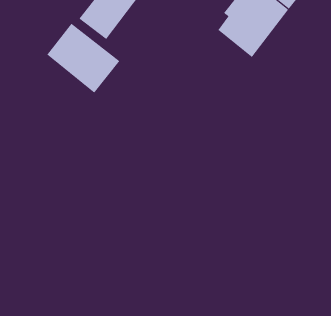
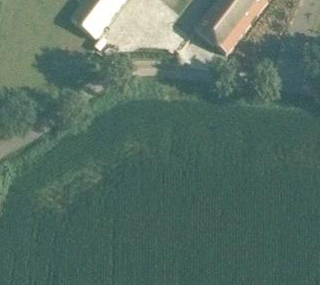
building: [47,23,120,93] -> none

